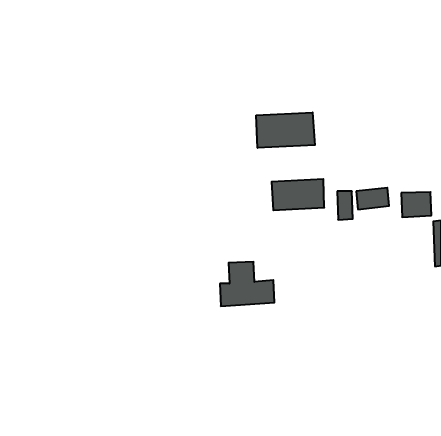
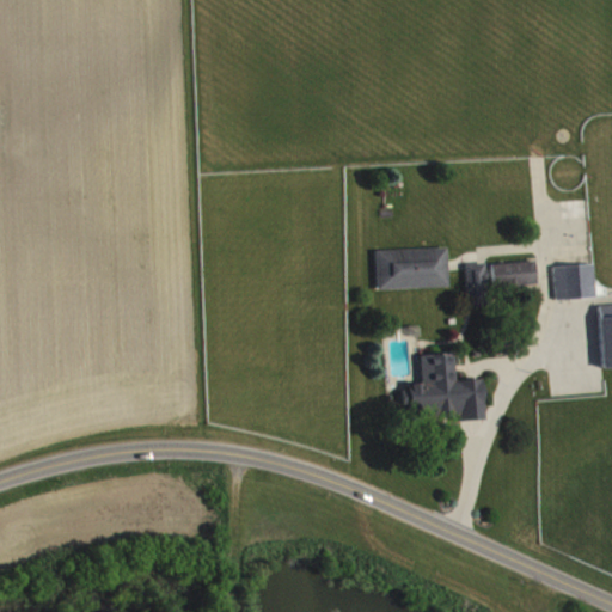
building: [256,112,315,148] -> none
building: [220,262,274,306] -> [409,354,484,415]

